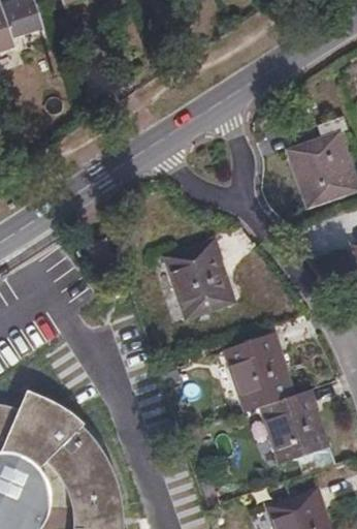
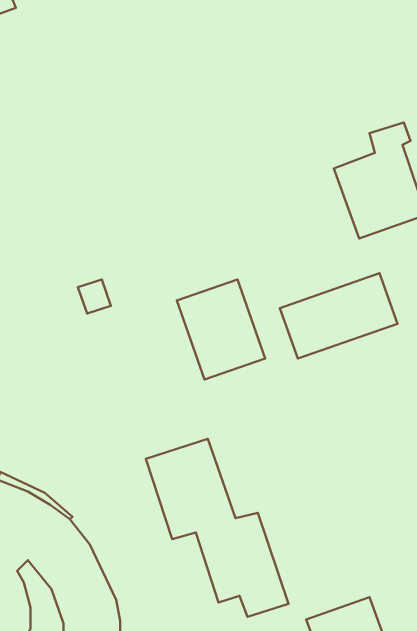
building: none -> [280,273,398,359]
building: [225,334,336,473] -> [146,439,288,617]

